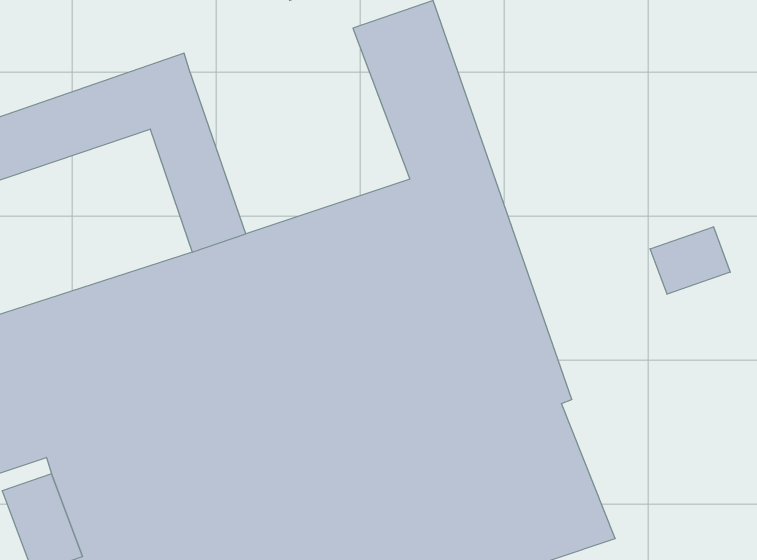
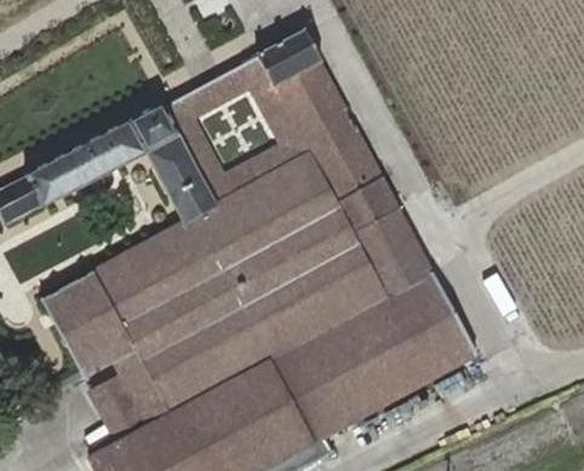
building: none -> [164,56,313,205]
building: [650,227,730,294] -> none

